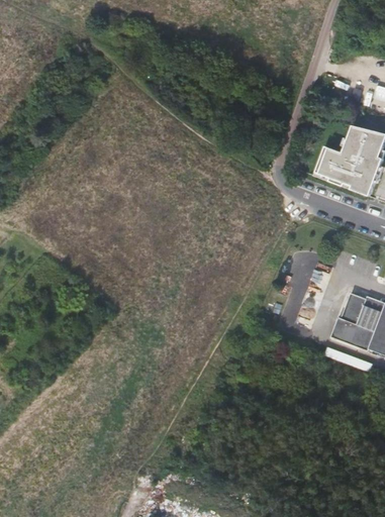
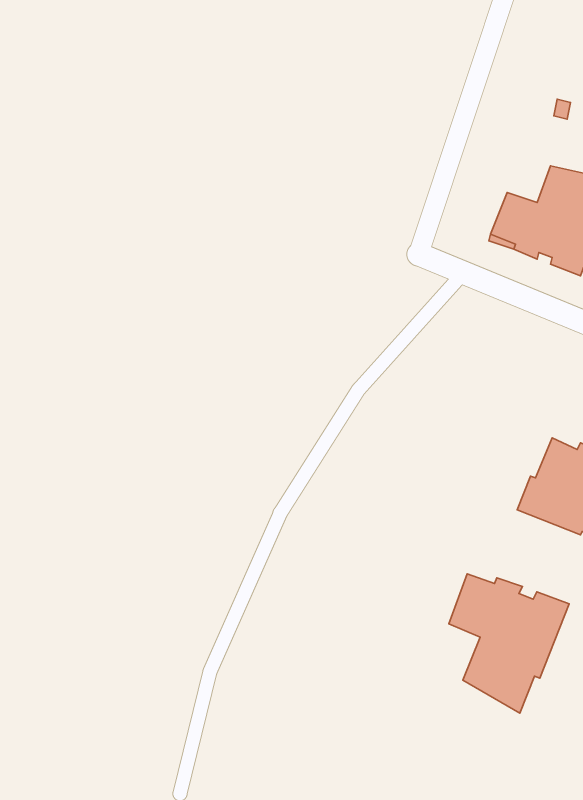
building: none -> [449,574,569,713]

